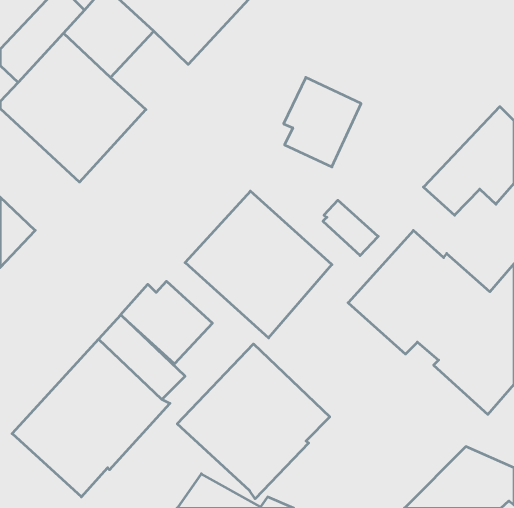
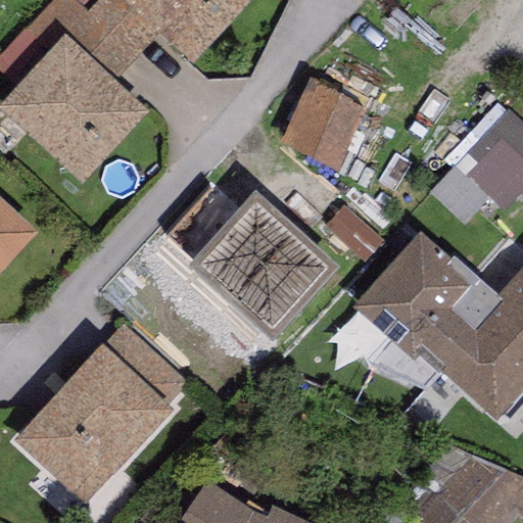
building: [121,281,212,364] -> none
building: [177,344,330,499] -> none

